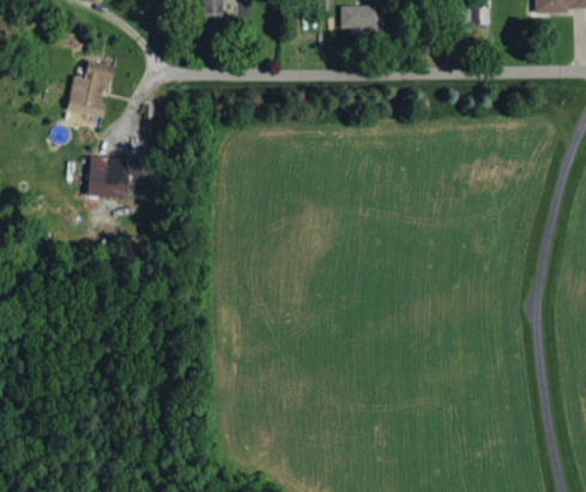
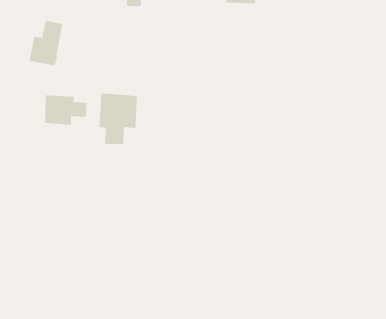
building: none -> [99,92,138,145]

